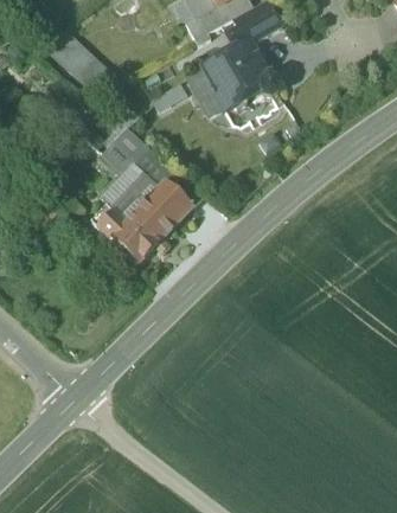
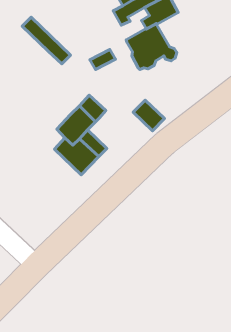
building: [186,69,220,114] -> none
building: [100,128,148,175] -> none
building: [146,180,192,225] -> [133,100,165,131]

